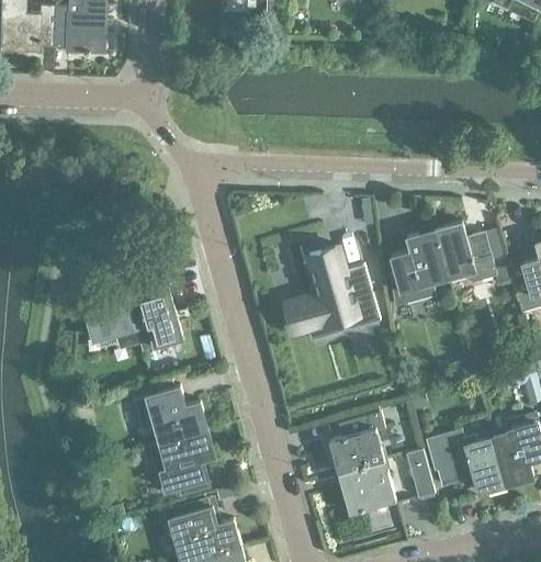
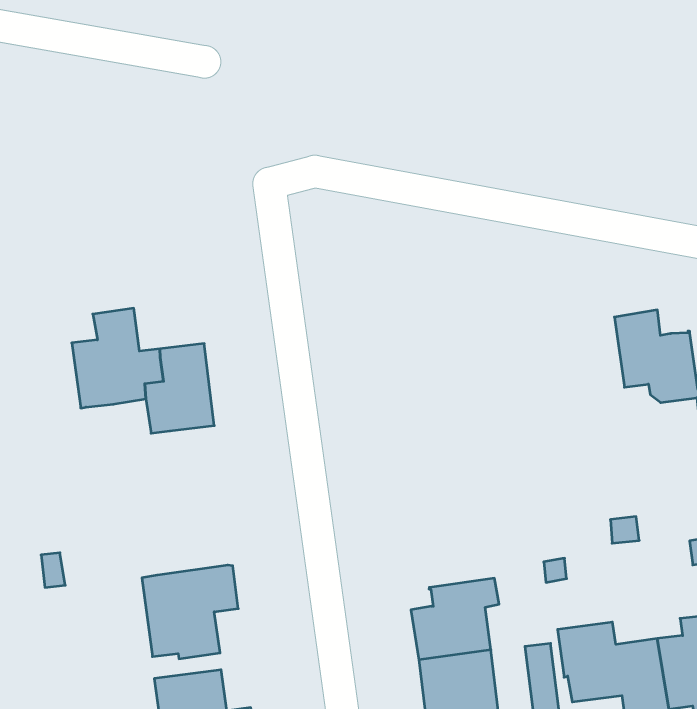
building: [392,231,449,308] -> none
building: [286,247,381,334] -> none
building: [134,387,205,442] -> none

